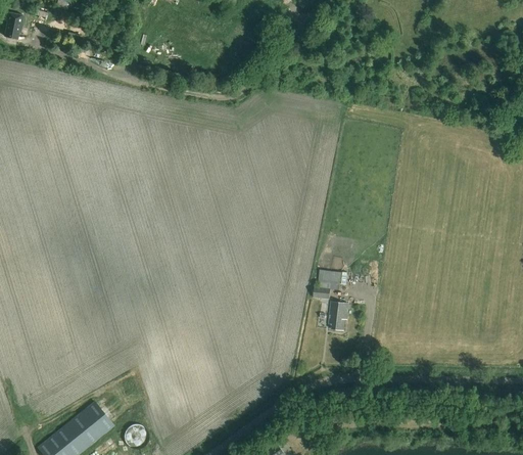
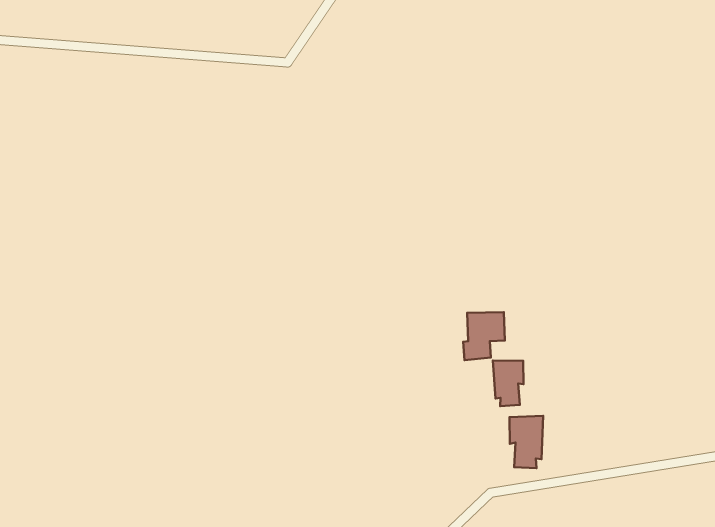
building: none -> [509,416,543,468]

